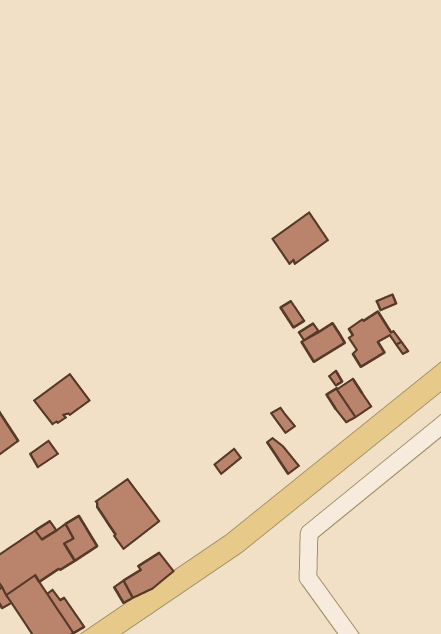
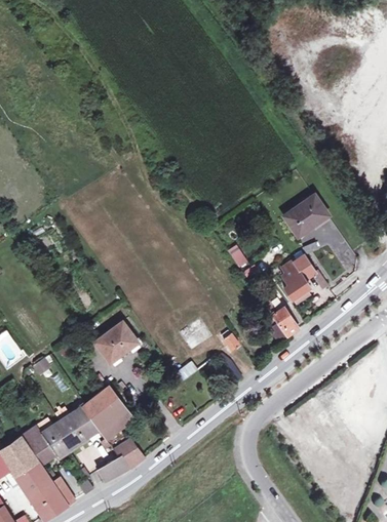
building: [272,213,328,264] -> [285,195,328,235]
building: [302,323,345,362] -> none
building: [34,374,90,424] -> [94,321,138,360]
building: none -> [71,402,100,437]

